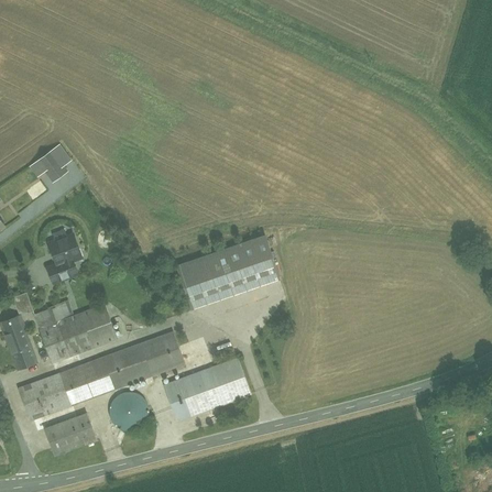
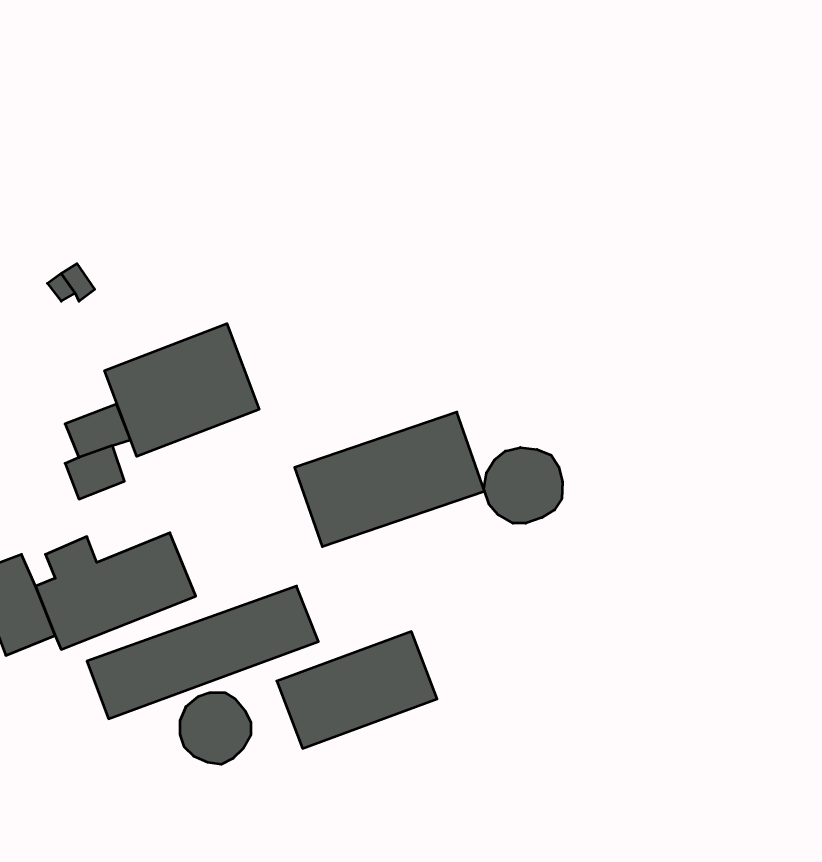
building: none -> [105,324,259,456]
building: none -> [484,447,562,523]
building: [18,370,70,418] -> none
building: [44,412,97,455] -> none

